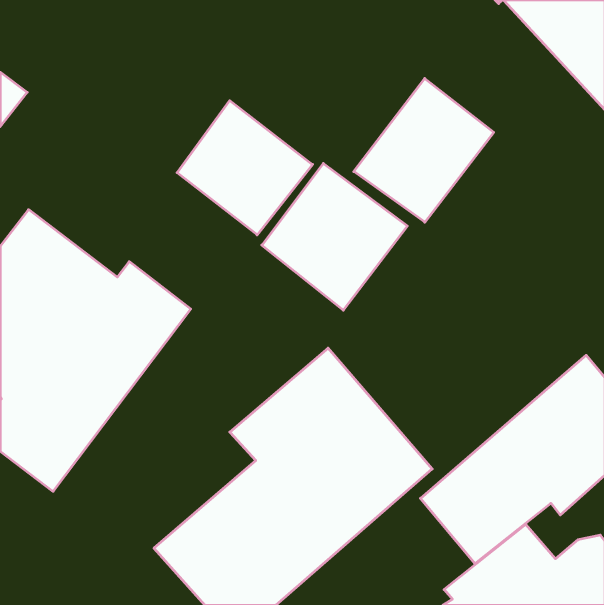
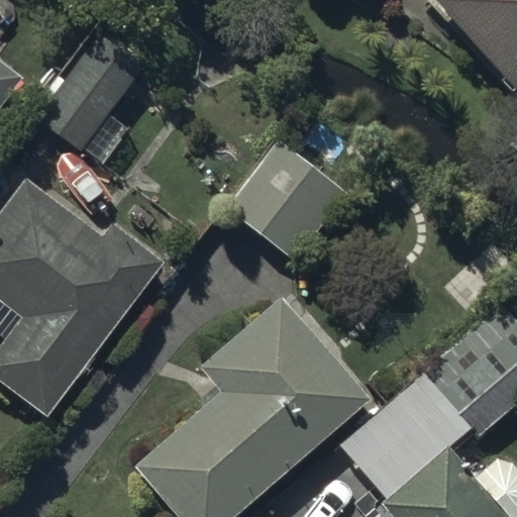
building: none -> [31,32,142,152]
building: [354,78,494,222] -> none
building: [177,101,313,235] -> none

